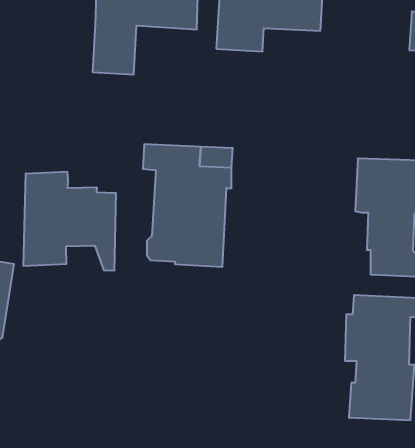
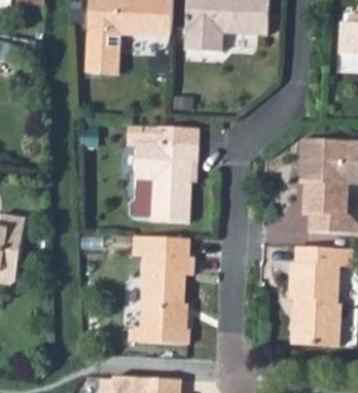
building: [24,172,116,271] -> none
building: none -> [133,238,193,344]

